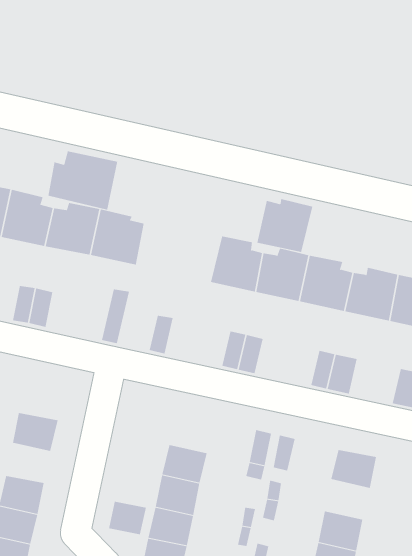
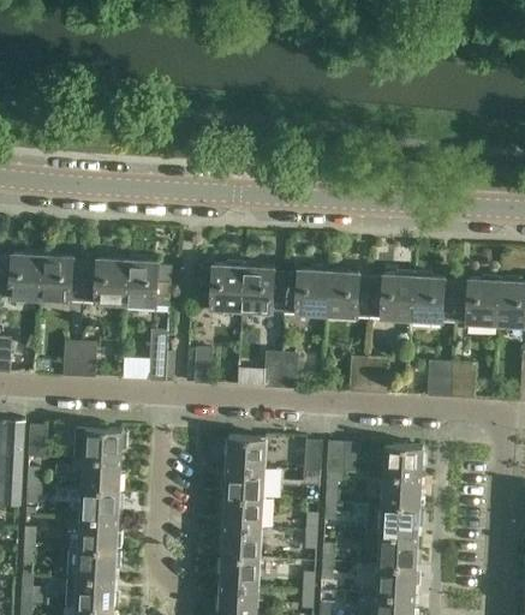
building: [48,151,118,210] -> none
building: [257,199,313,253] -> [198,264,245,311]
building: none -> [73,429,127,461]
building: none -> [227,437,266,470]
building: none -> [80,489,119,521]
building: none -> [381,476,420,508]
building: [108,501,146,535] -> none

